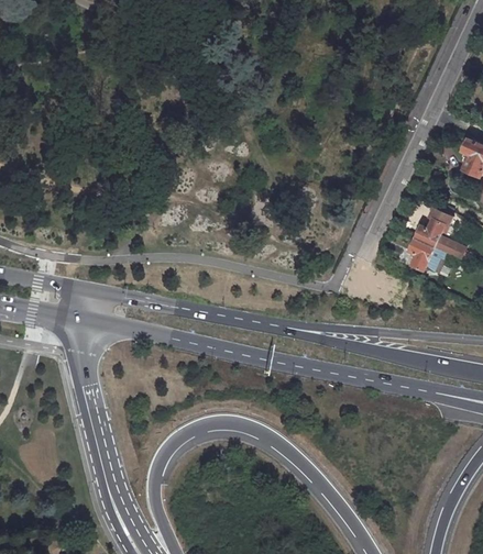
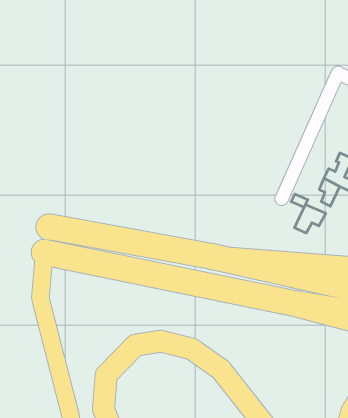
building: none -> [294,205,326,233]

